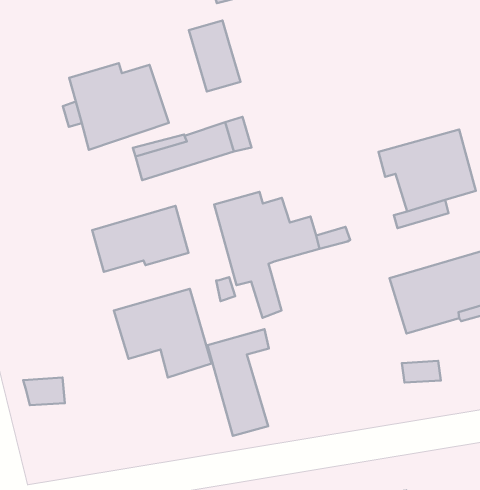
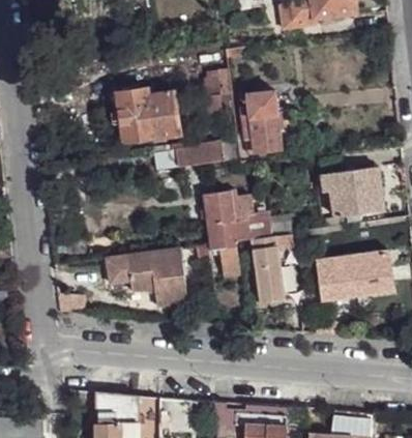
building: none -> [238,90,282,152]
building: [92,206,188,272] -> none
building: [207,329,269,436] -> [251,234,292,303]

